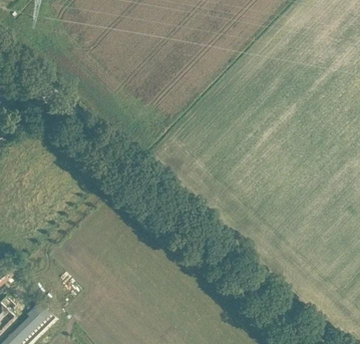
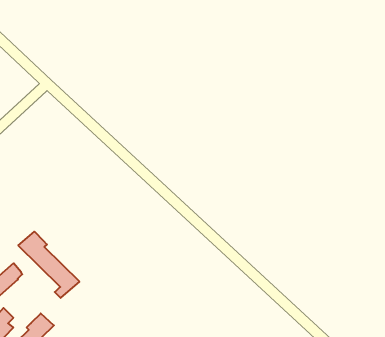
building: none -> [18,232,79,298]

